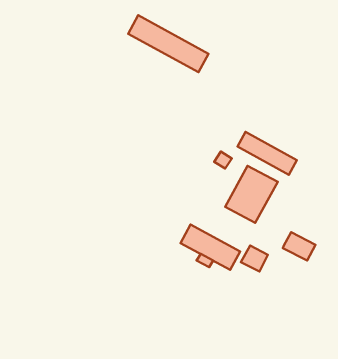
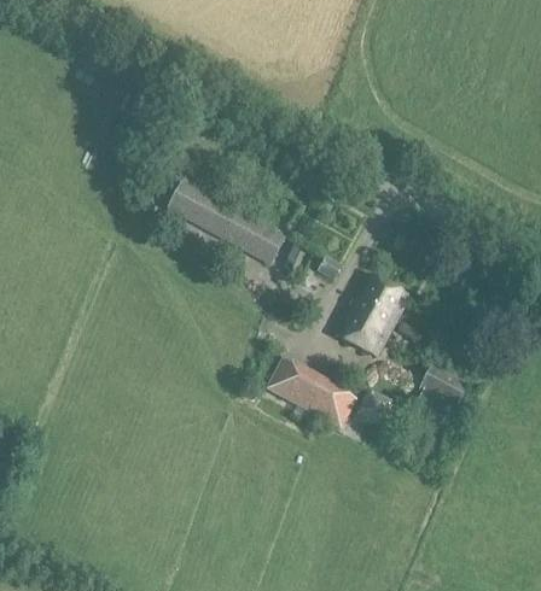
building: [128,15,209,72] -> [169,180,285,262]
building: [238,132,297,175] -> none

